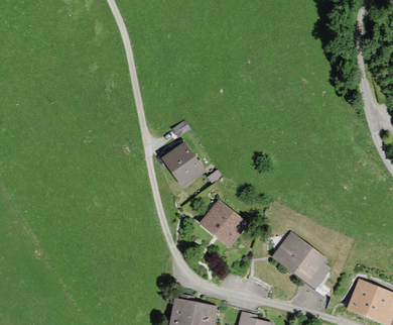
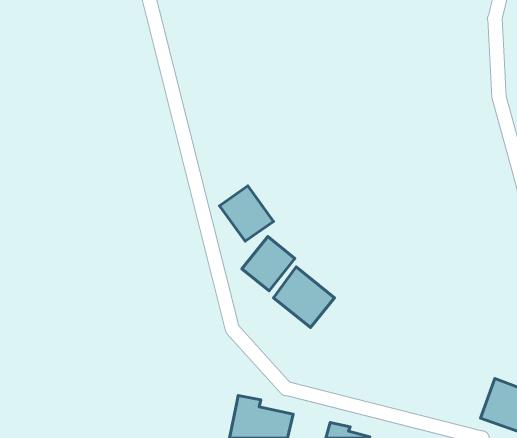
building: none -> [242,236,295,291]
building: [273,233,328,287] -> none

